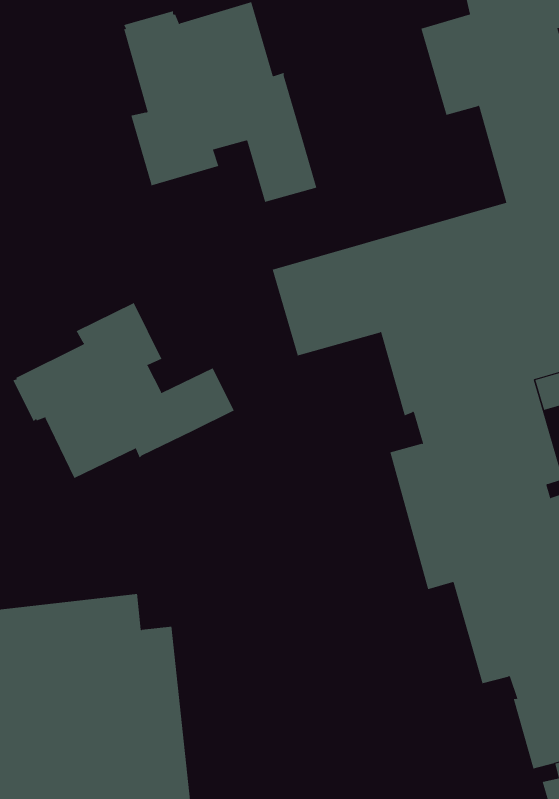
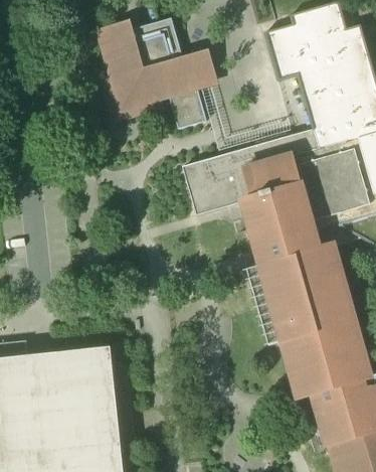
building: none -> [189,51,223,95]
building: [13,302,235,479] -> none

